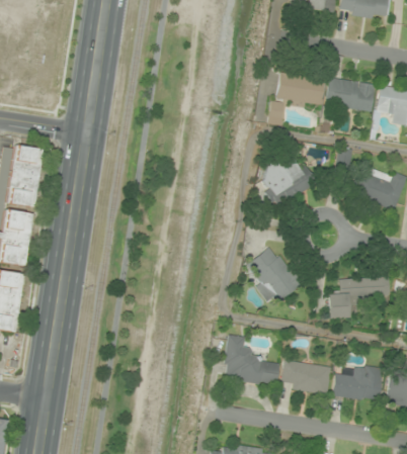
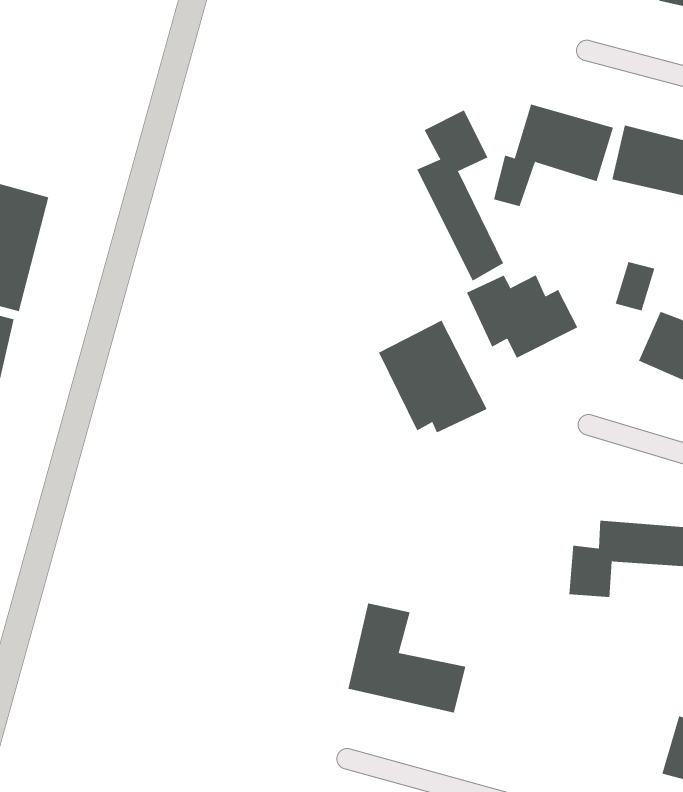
building: none -> [417,110,504,282]
building: [243,244,302,301] -> [378,320,487,433]
building: [282,360,331,395] -> none
building: [333,364,384,401] -> none

